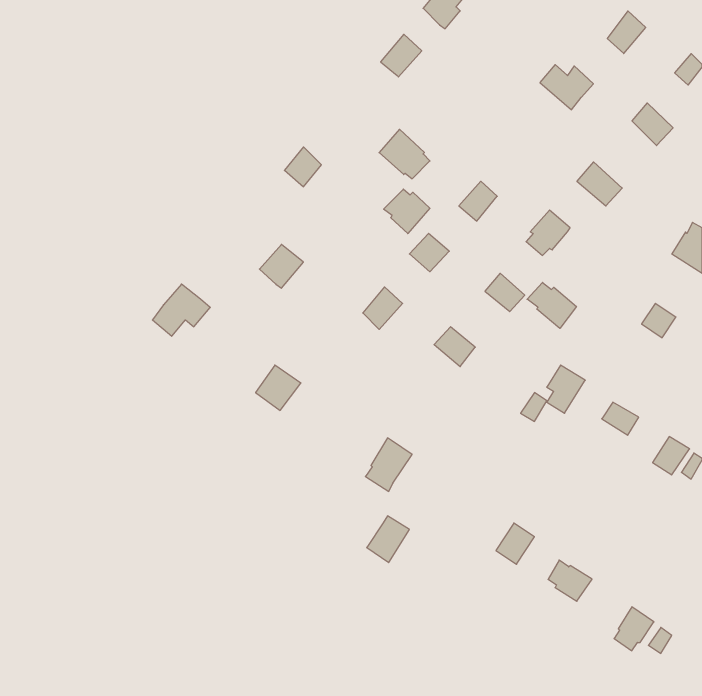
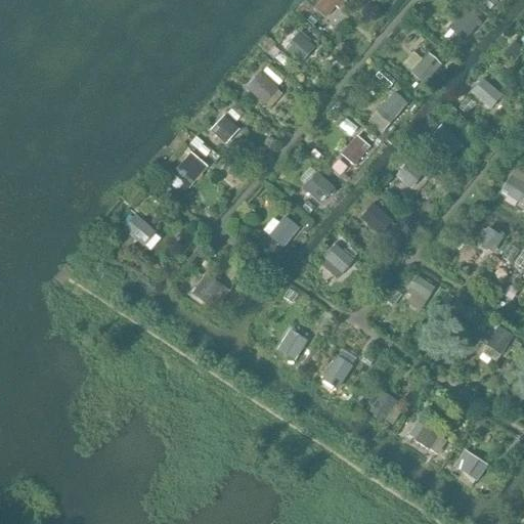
building: none -> [369,90,408,131]
building: [379,129,430,179] -> [246,69,283,105]
building: [384,189,430,234] -> none
building: [259,244,303,288] -> [175,149,208,182]
building: [527,282,576,328] -> none
building: [367,516,409,563] -> [322,353,354,388]

